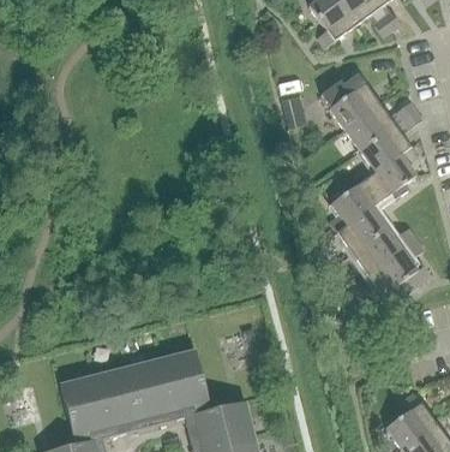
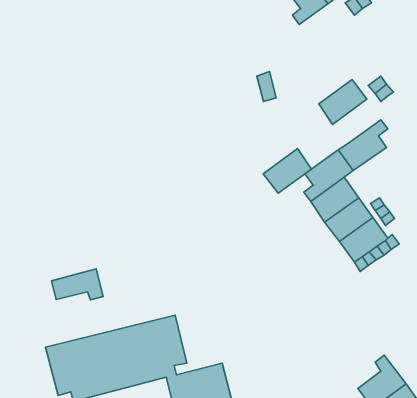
building: [320,72,380,129] -> none
building: [360,124,410,171] -> [263,148,311,193]
building: none -> [51,269,103,300]

